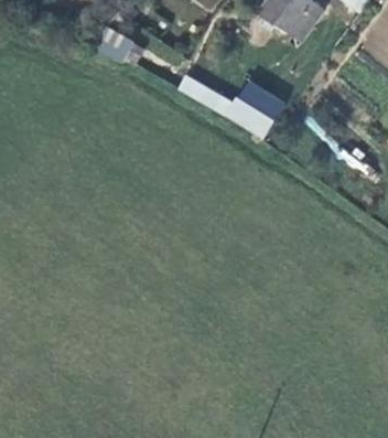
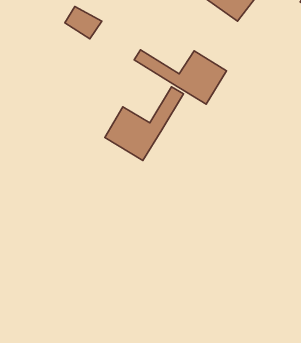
building: none -> [105,87,183,161]

